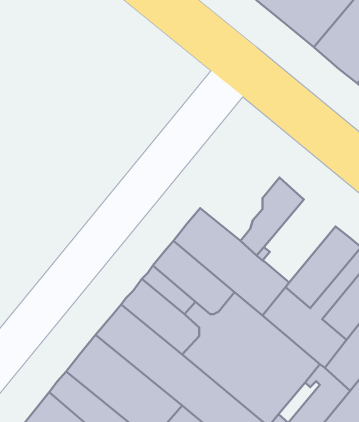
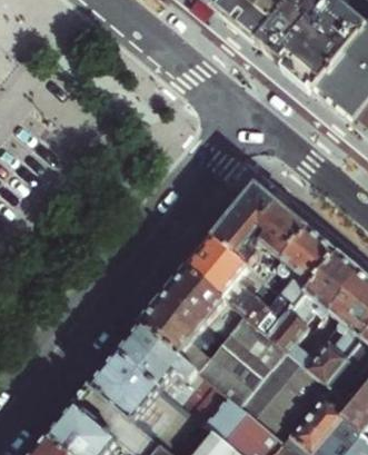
building: none -> [211,184,284,266]
building: none -> [270,228,335,304]

